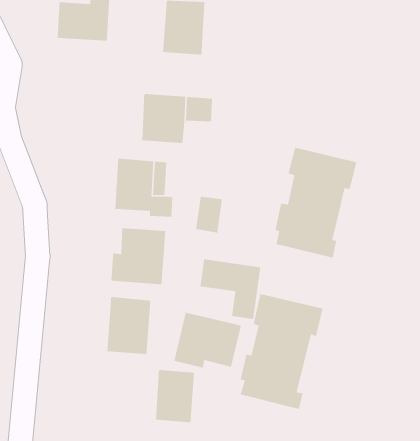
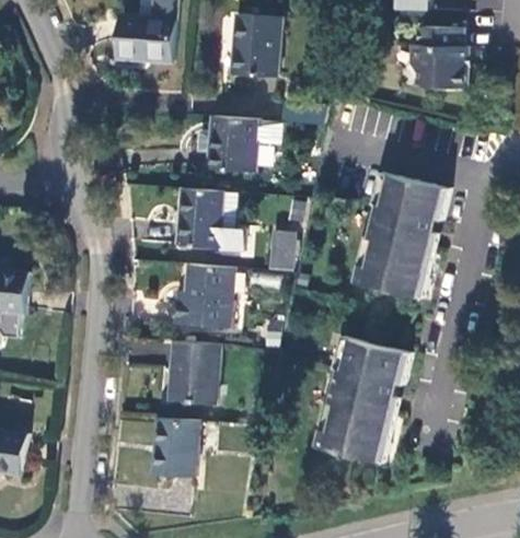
building: none -> [412,24,465,84]
building: [199,258,261,320] -> none
building: [174,312,242,368] -> none
building: [155,369,195,423] -> [157,418,200,477]

